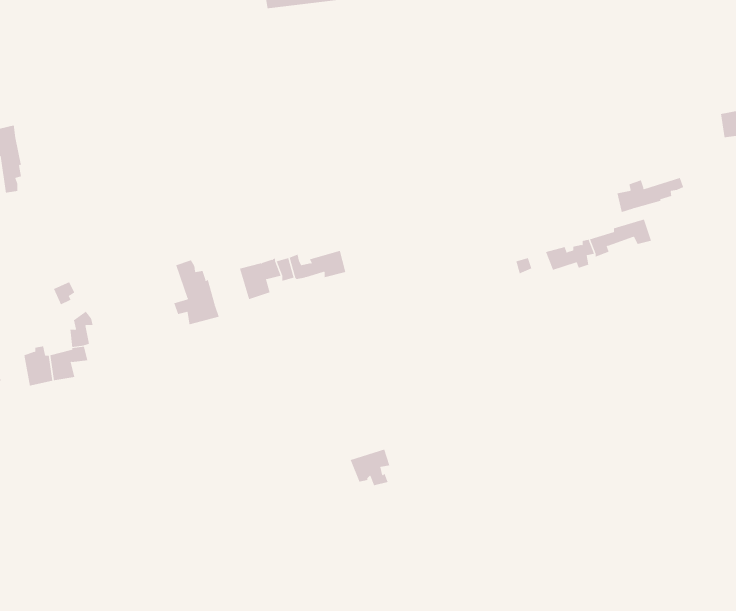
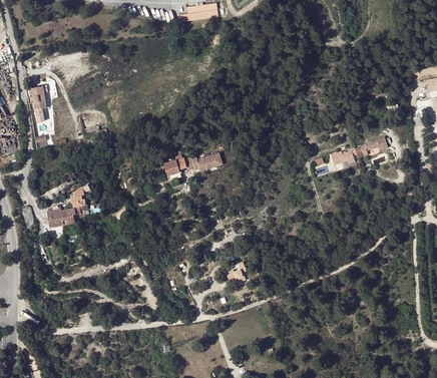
building: [617,177,684,213] -> none
building: [173,260,220,325] -> none

